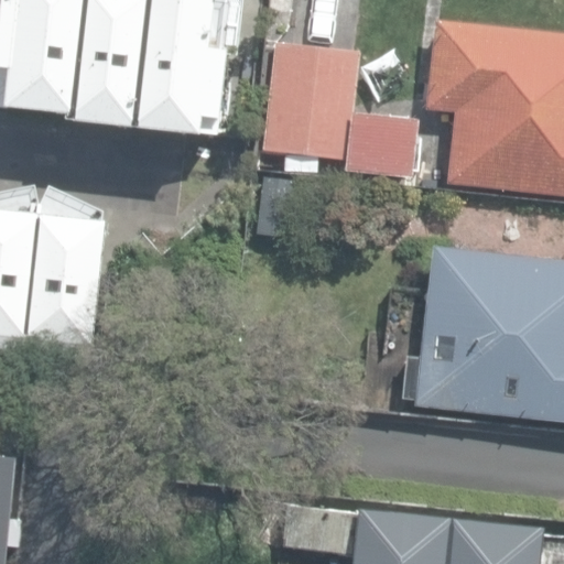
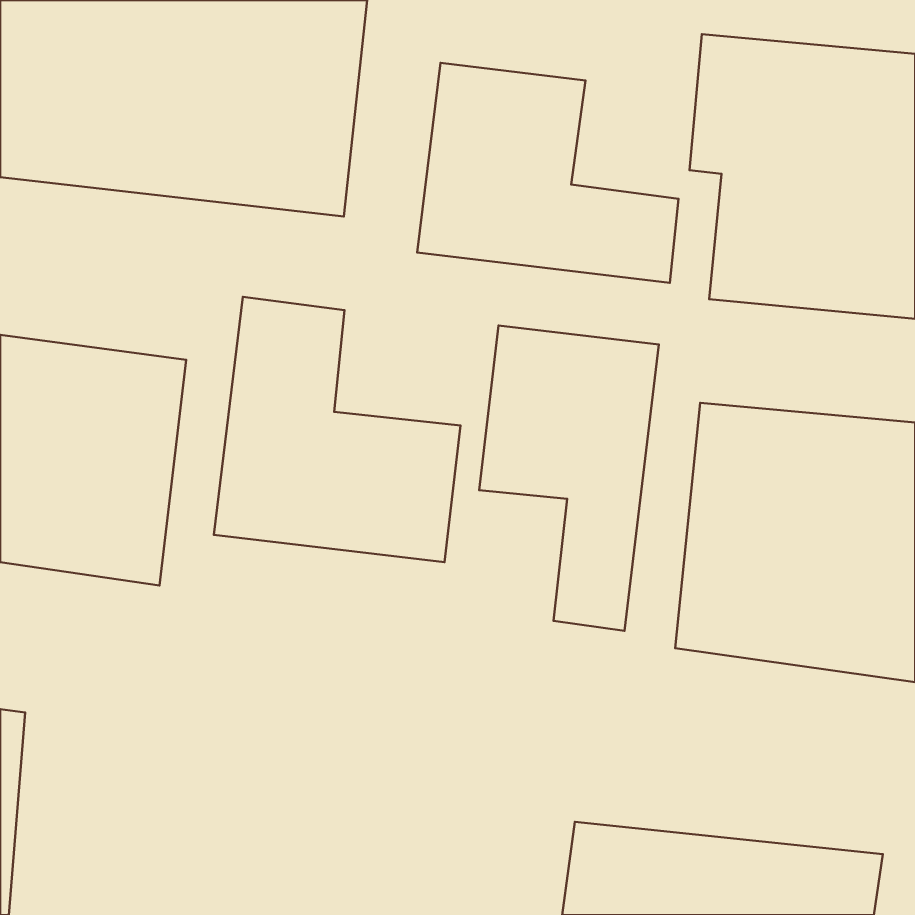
building: none -> [214,297,461,562]
building: none -> [479,326,659,631]

